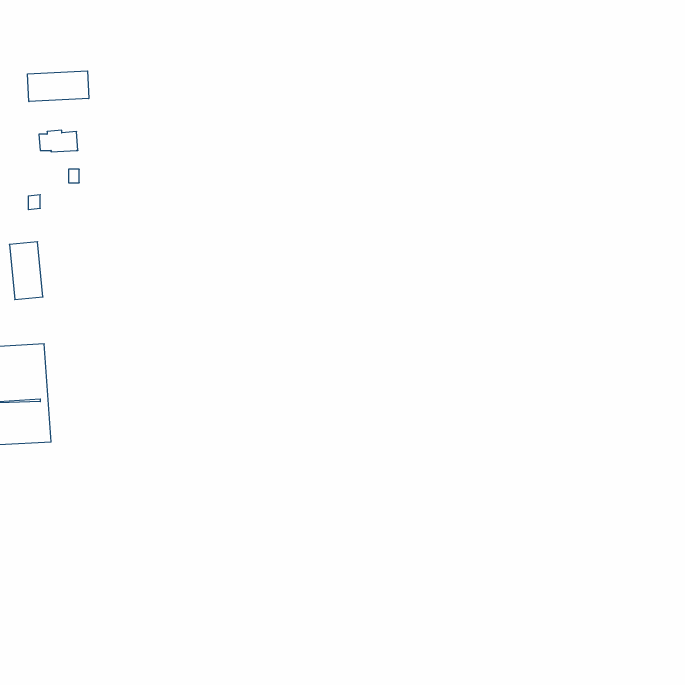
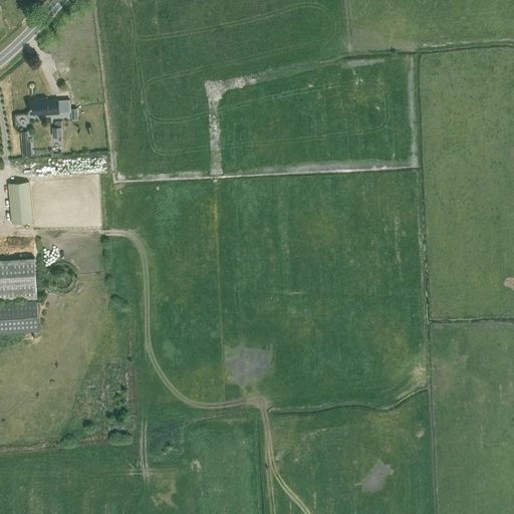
building: [28,71,89,102] -> none

